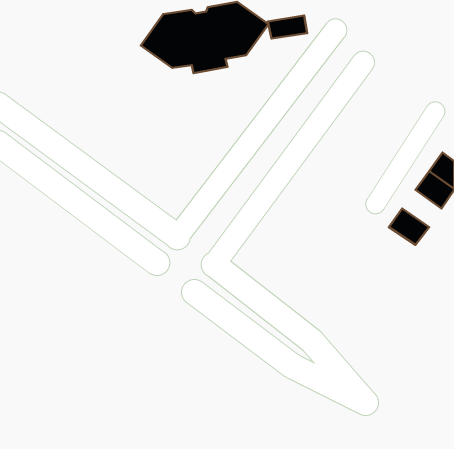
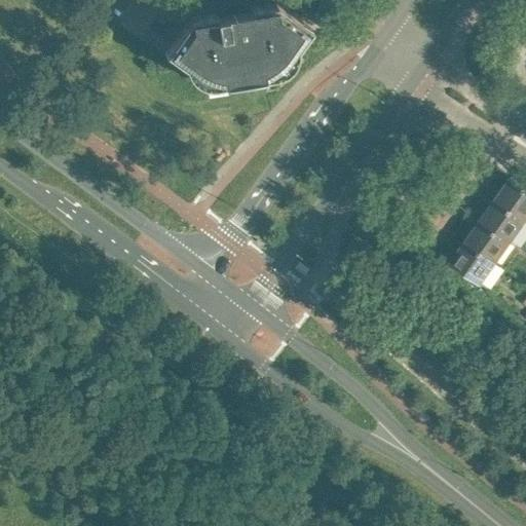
building: [268,15,307,39] -> none
building: none -> [463,226,509,269]

